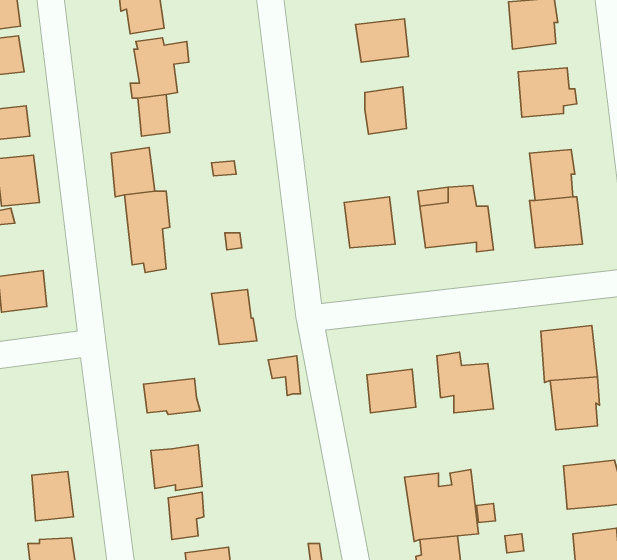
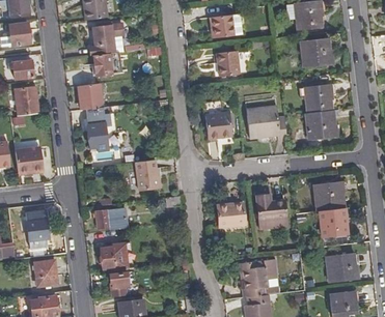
building: none -> [26,209,49,249]

